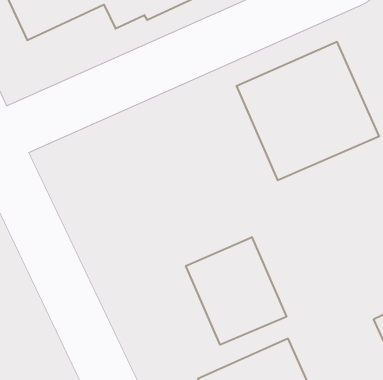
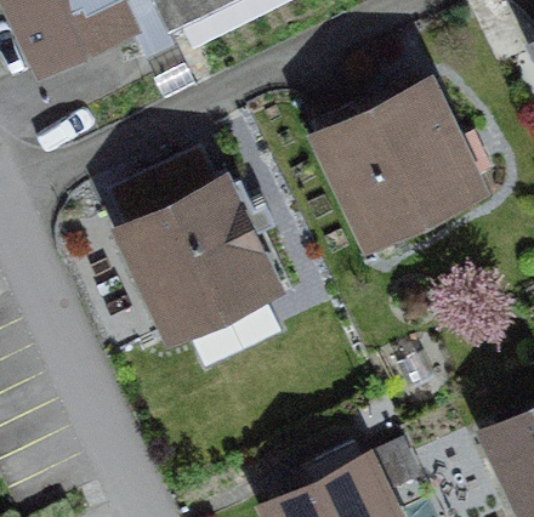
building: none -> [115,176,286,350]
building: [186,237,286,345] -> none

